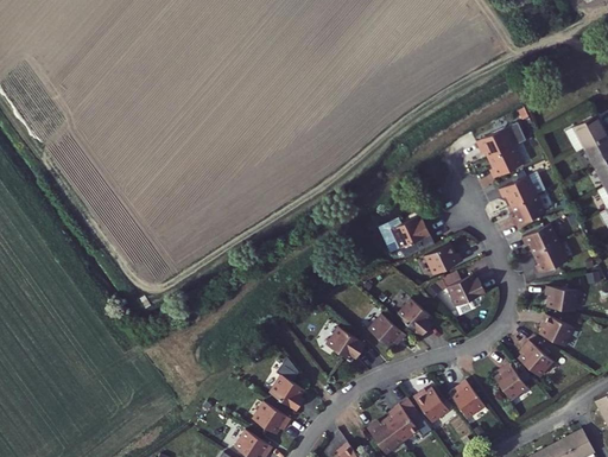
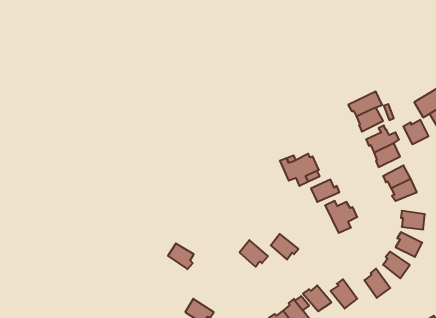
building: none -> [403,120,428,144]
building: [406,304,439,339] -> none
building: [270,376,304,411] -> [168,243,194,269]

